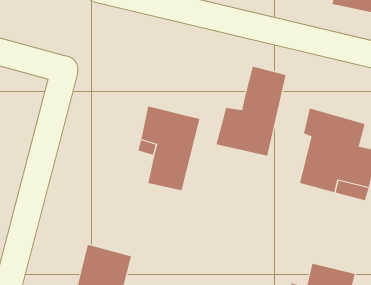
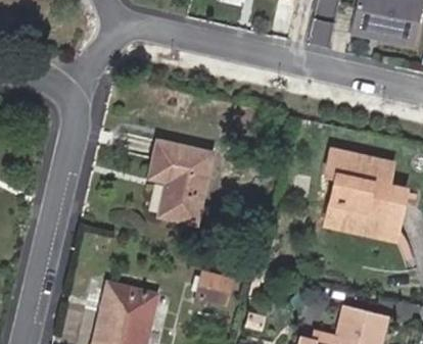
building: [216,66,286,157] -> none
building: none -> [195,272,232,303]

